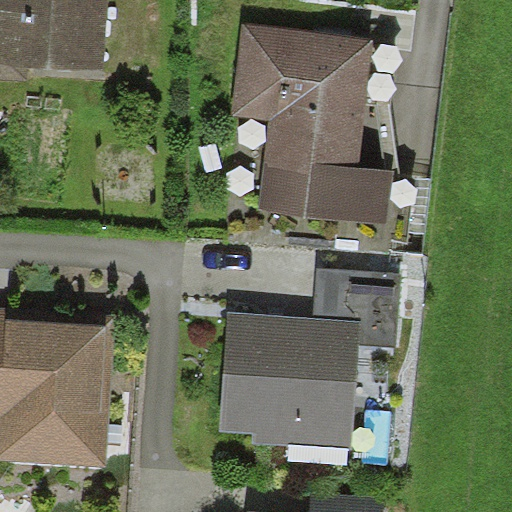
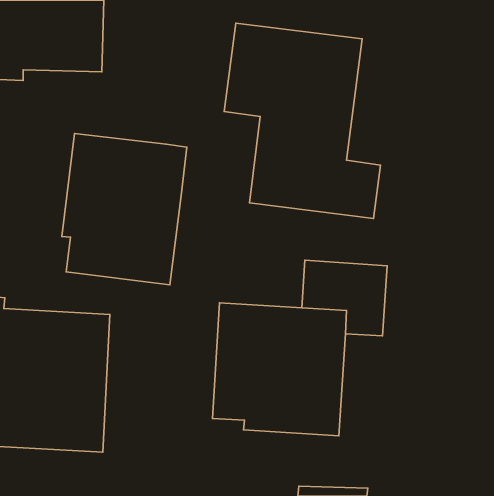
building: none -> [62,133,187,285]

